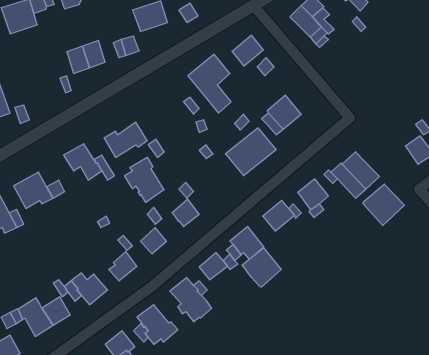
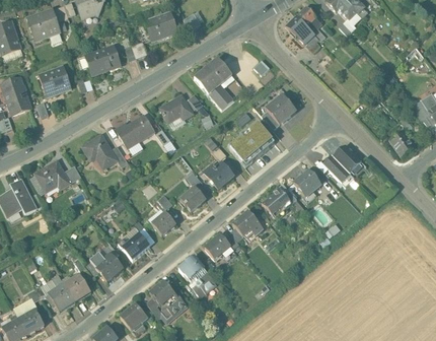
building: [232,35,263,66] -> none
building: none -> [39,66,72,97]
building: none -> [160,95,193,123]
building: [125,157,164,202] -> none
building: none -> [204,162,233,189]
building: [363,184,404,226] -> none
building: [242,248,281,287] -> none

